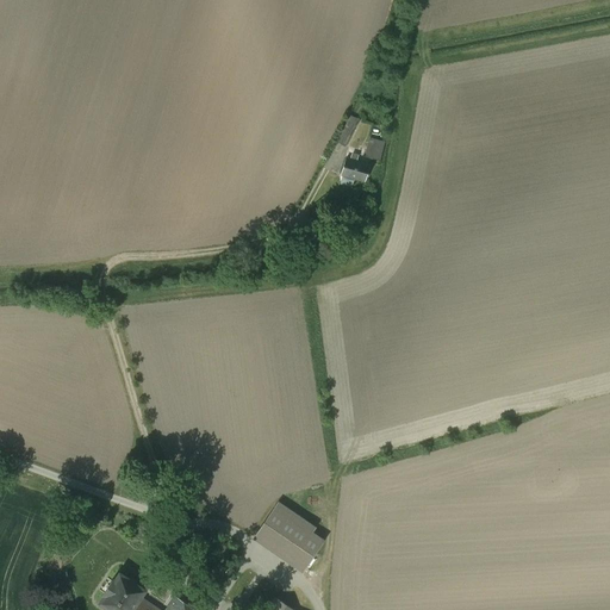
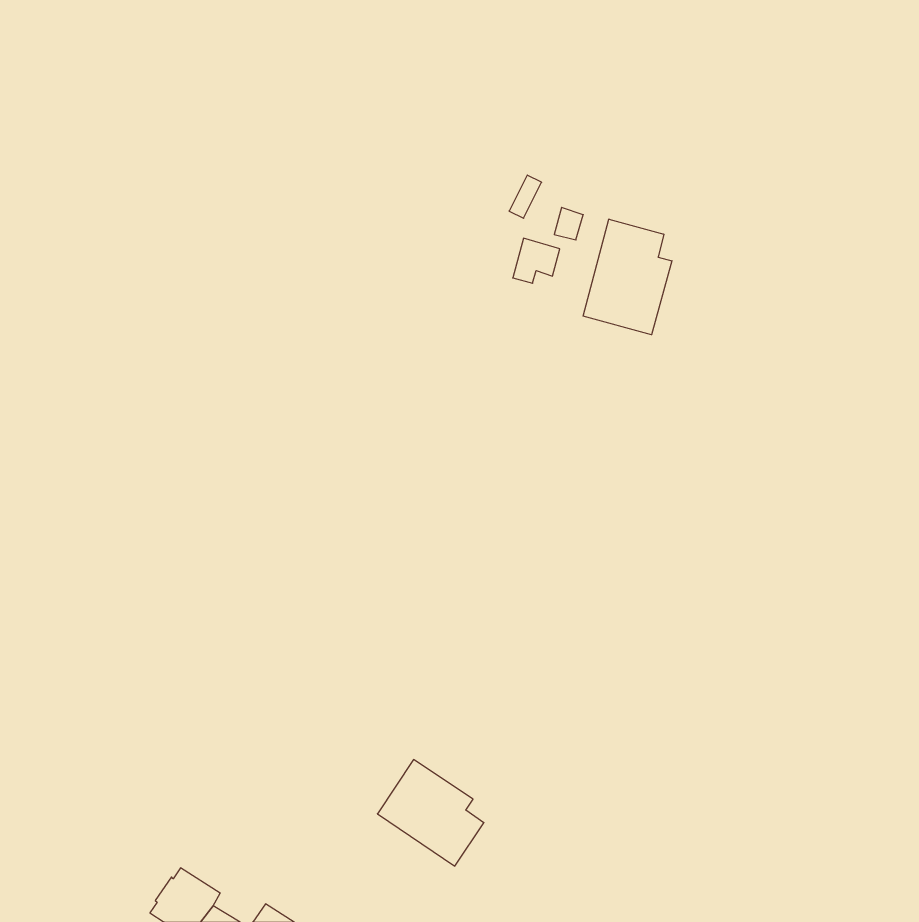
building: none -> [583,219,672,335]

